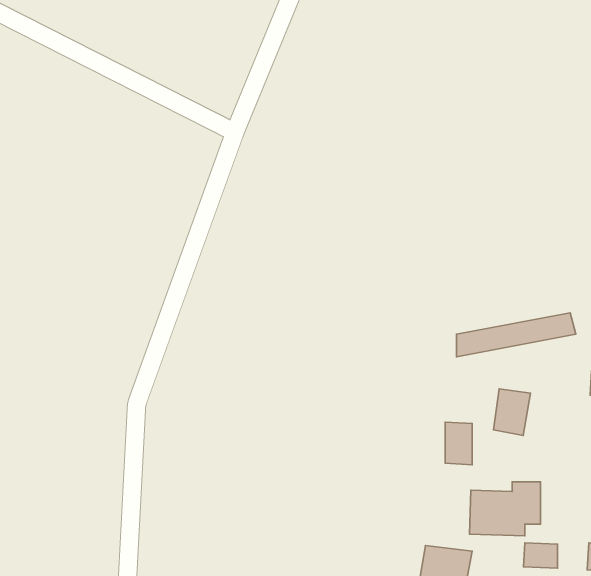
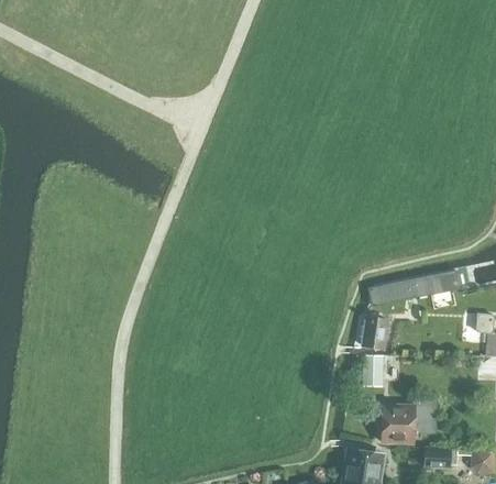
building: [493,389,530,436] -> [361,316,389,352]

